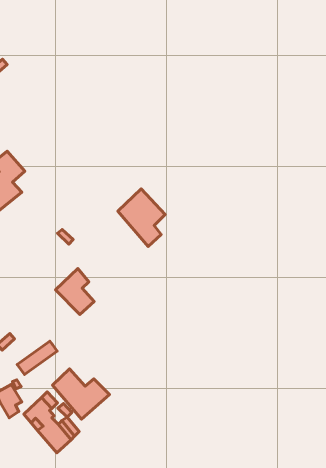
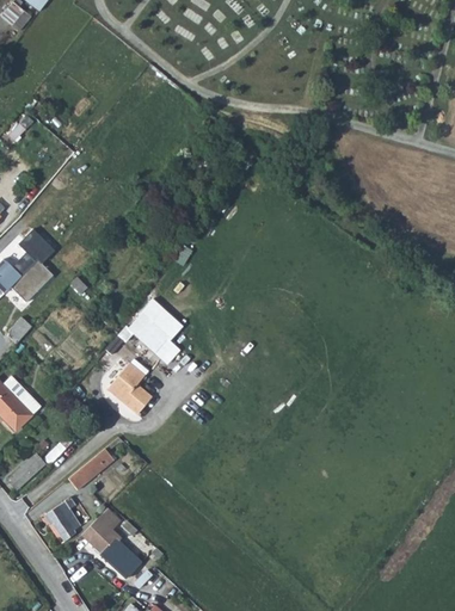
building: [118,189,165,246] -> [129,300,185,366]
building: [52,369,109,419] -> none

